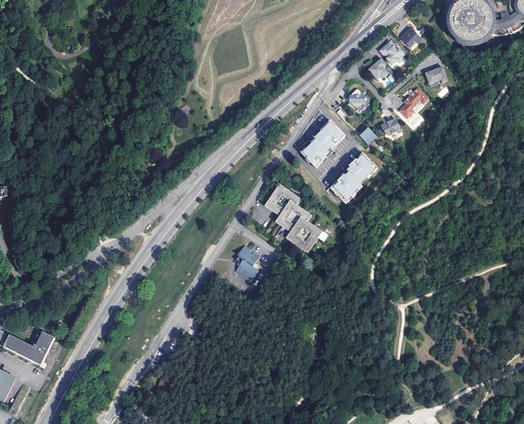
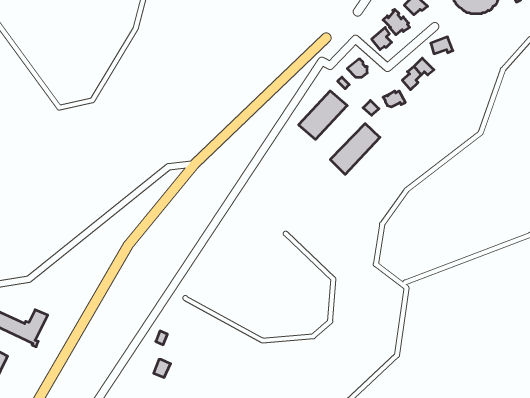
building: [266,185,324,254] -> none
building: [234,244,259,281] -> none

